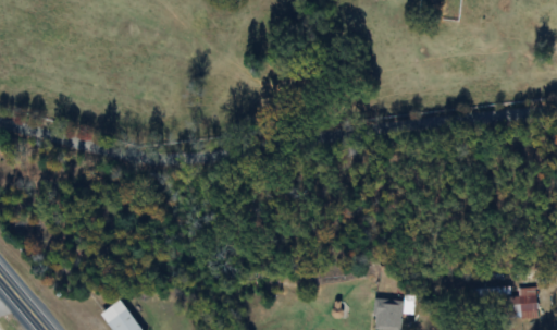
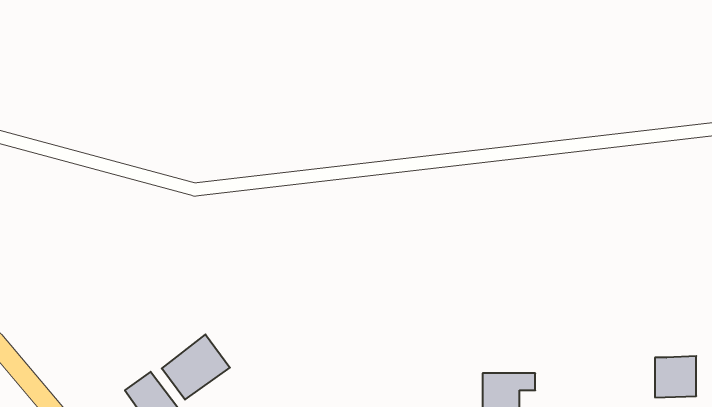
building: none -> [162,334,230,400]

